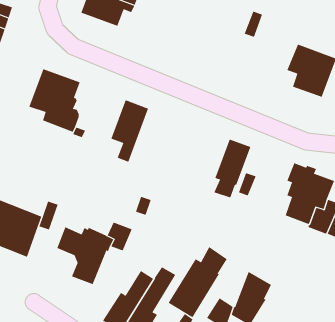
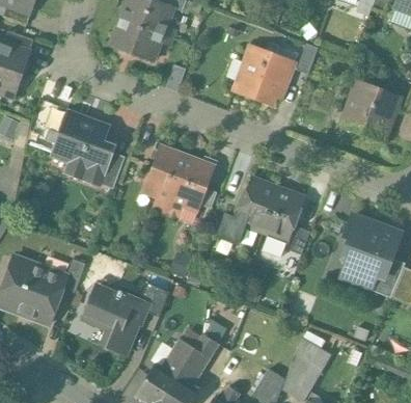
building: none -> [235,44,293,105]
building: none -> [165,154,215,220]
building: none -> [217,177,279,243]
building: [168,246,228,318] -> none

